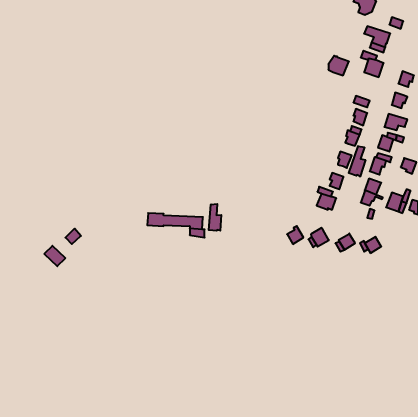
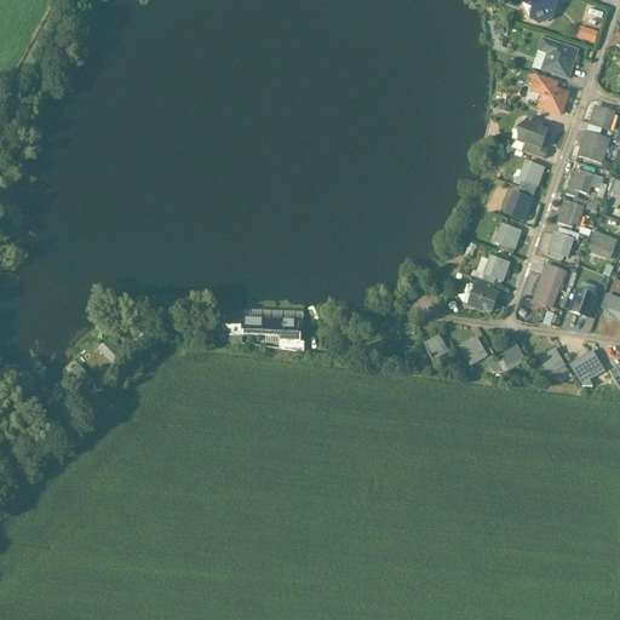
building: [328,56,349,75] -> [519,117,550,147]
building: [349,146,365,177] -> none
building: [209,204,221,231] -> none
building: none -> [570,351,604,385]

